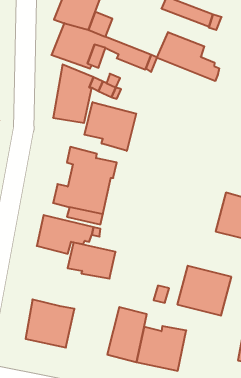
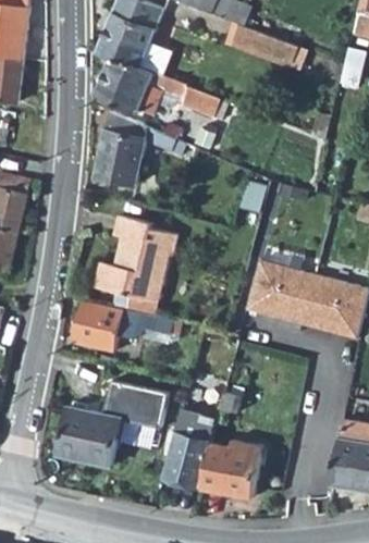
building: [157,32,219,81] -> none
building: [84,102,136,151] -> none
building: [68,242,116,279] -> [104,384,165,430]
building: [177,266,231,316] -> [246,259,315,322]

